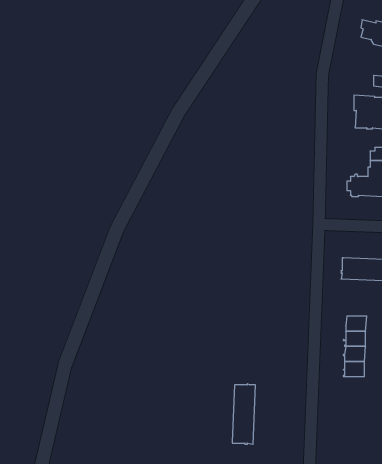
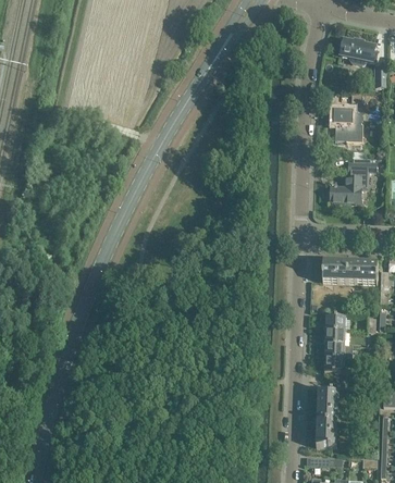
building: [232,384,255,444] -> [316,389,337,446]

